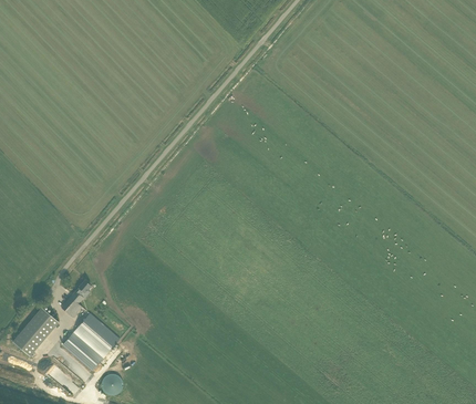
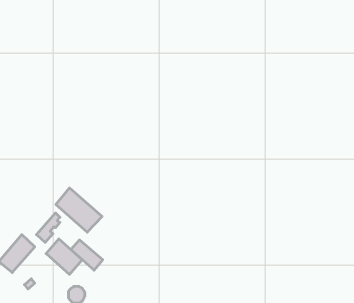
building: none -> [56,188,102,232]
building: [61,331,102,370] -> [71,240,103,270]

